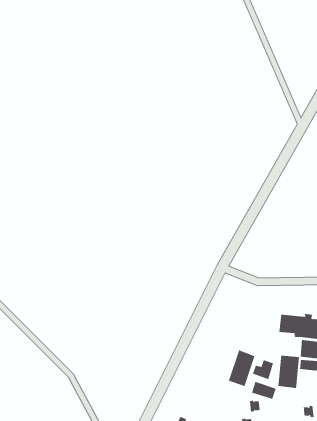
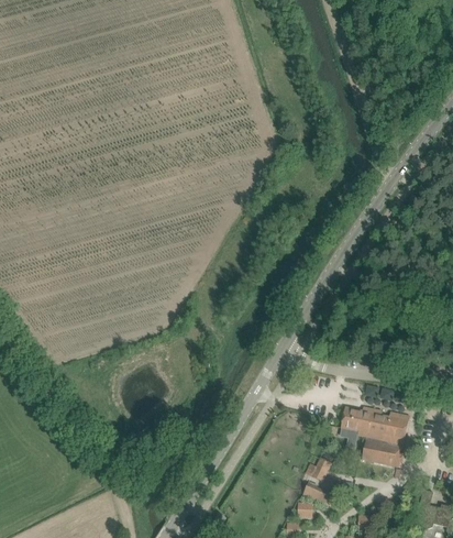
building: [228,349,255,387] -> none
building: [278,355,300,389] -> none

